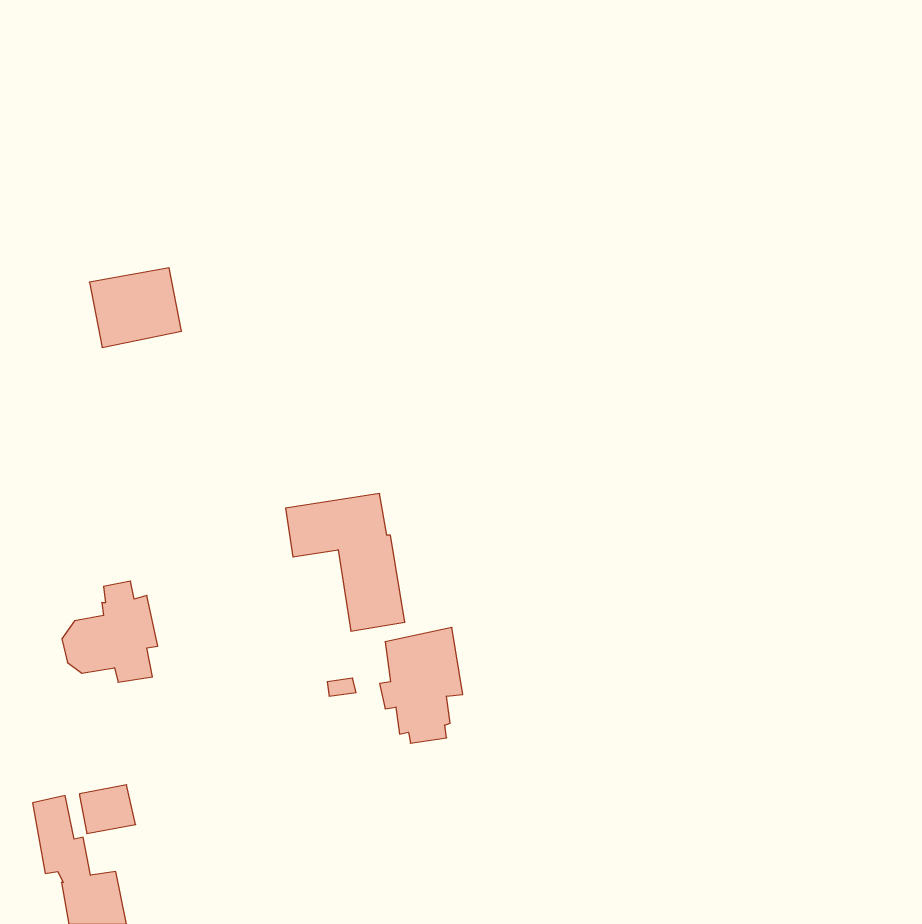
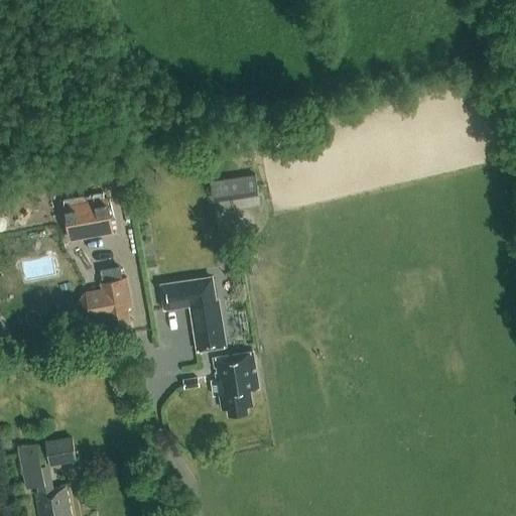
building: [89,268,182,347] -> [62,197,114,241]
building: none -> [212,174,259,200]
building: [62,581,158,682] -> [80,269,133,326]

